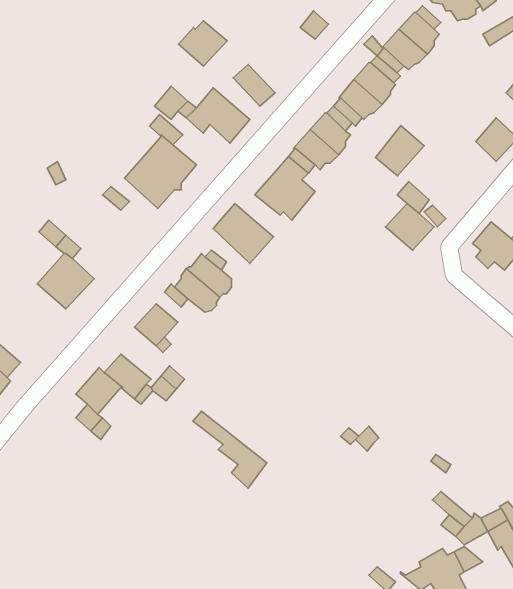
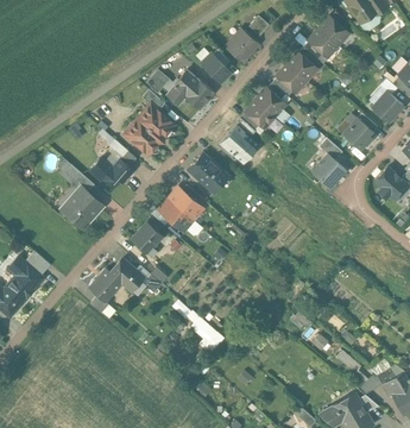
building: [179,21,227,66] -> [225,31,259,63]
building: [376,126,424,176] -> [341,112,376,147]
building: none -> [89,159,133,188]

